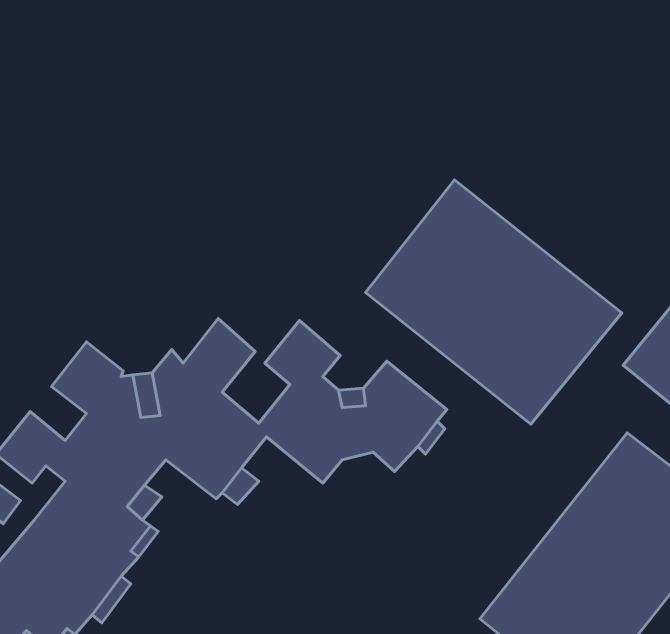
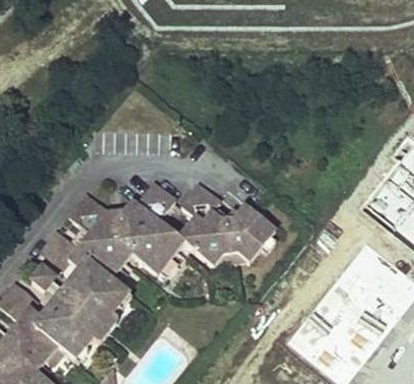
building: [366,180,622,424] -> none

